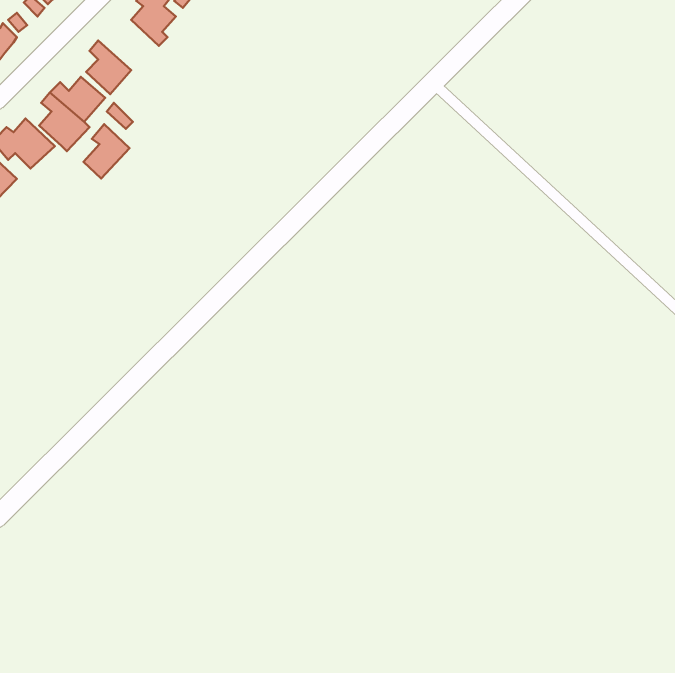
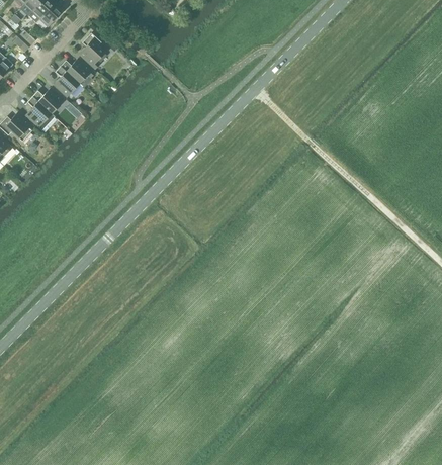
building: none -> [58,59,93,85]
building: [83,124,129,178] -> none

